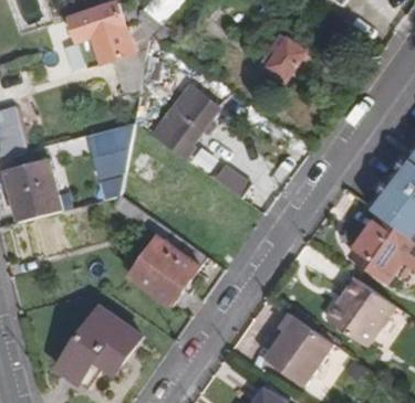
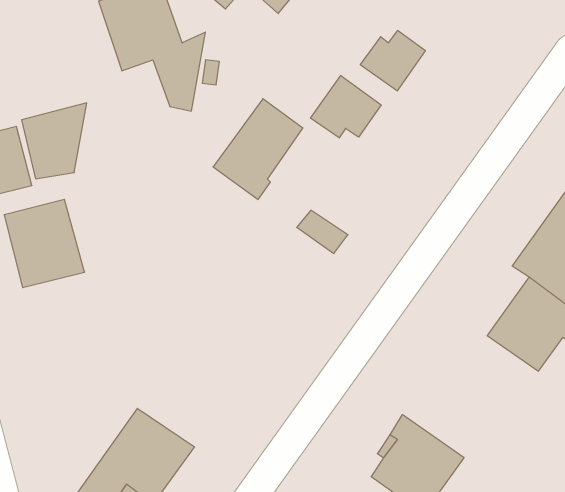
building: none -> [311,75,381,138]
building: [87,124,134,178] -> [22,103,87,179]
building: [117,197,208,308] -> none
building: [324,277,394,347] -> none

